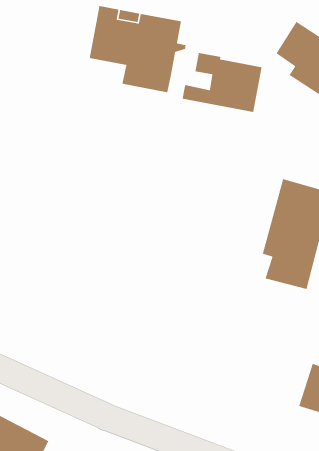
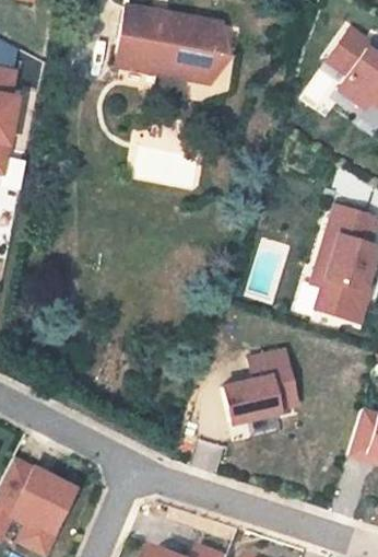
building: [182,52,262,113] -> none
building: none -> [222,347,299,422]

